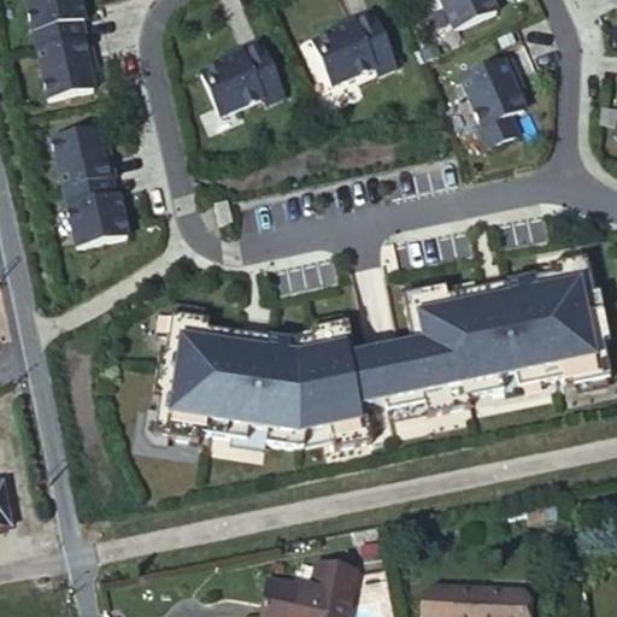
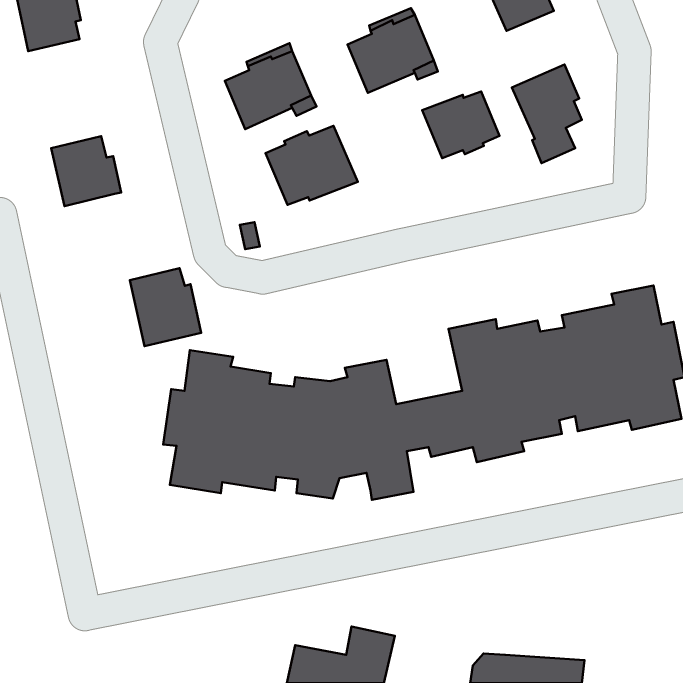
building: [30,34,88,96] -> none
building: none -> [422,91,499,158]
building: none -> [266,126,358,205]
building: [63,174,127,243] -> [130,268,201,346]

